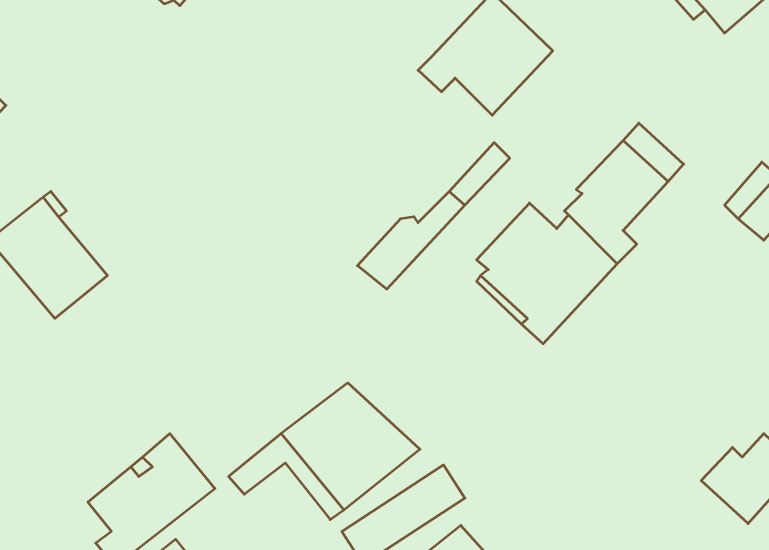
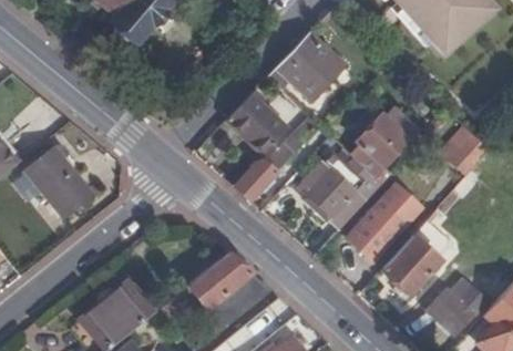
building: none -> [227,90,289,154]
building: none -> [348,183,423,260]
building: none -> [384,217,453,292]

